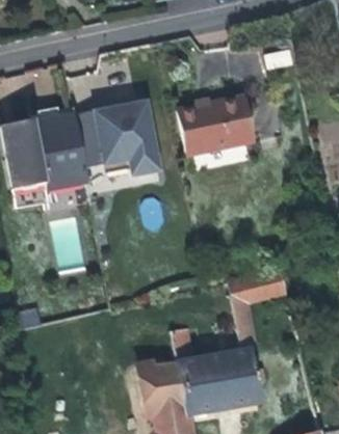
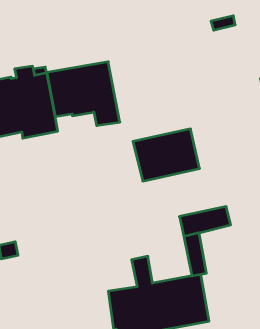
building: [179,93,256,154] -> [133,129,200,181]

